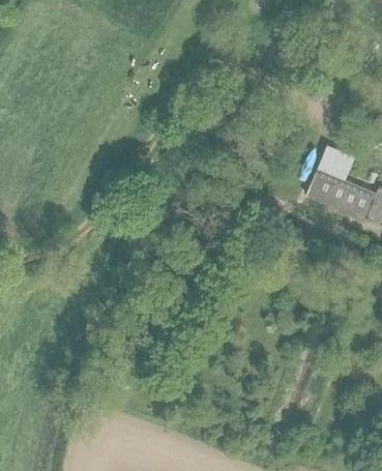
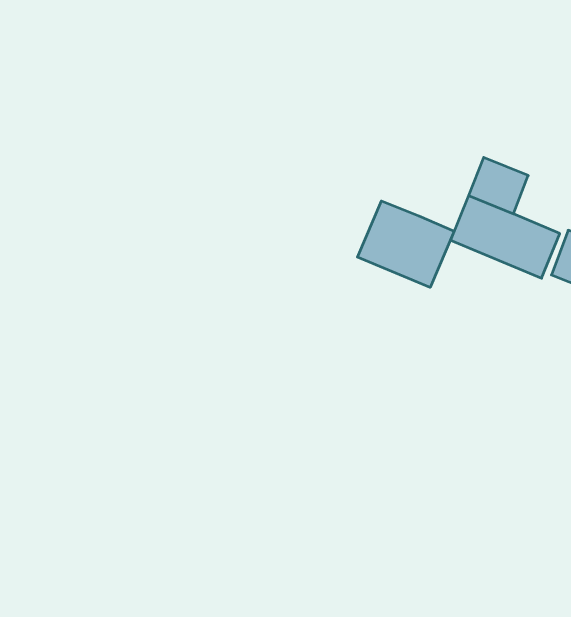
building: none -> [357,201,454,287]

